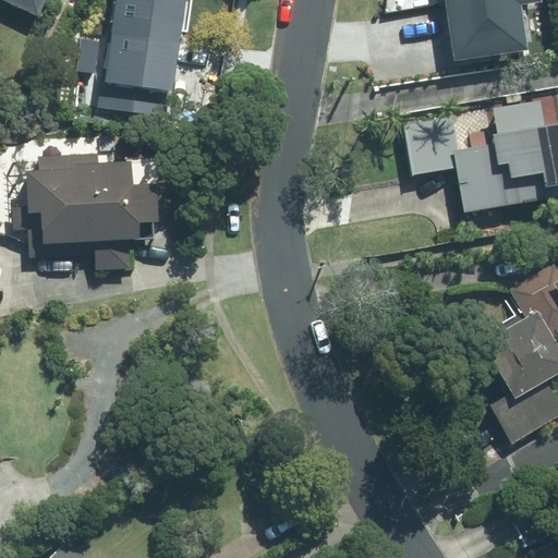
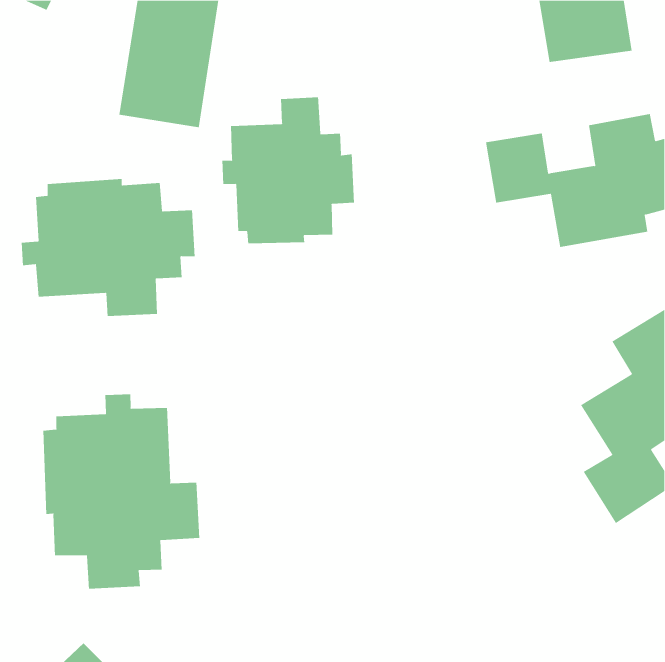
building: none -> [222,97,355,244]
building: none -> [43,393,200,589]

